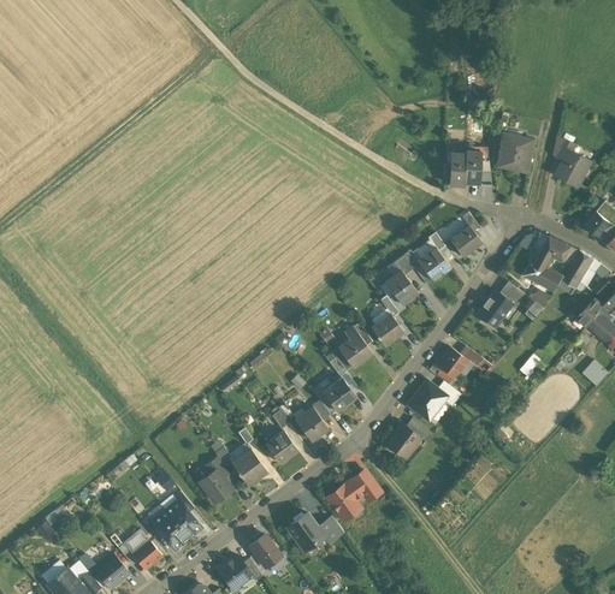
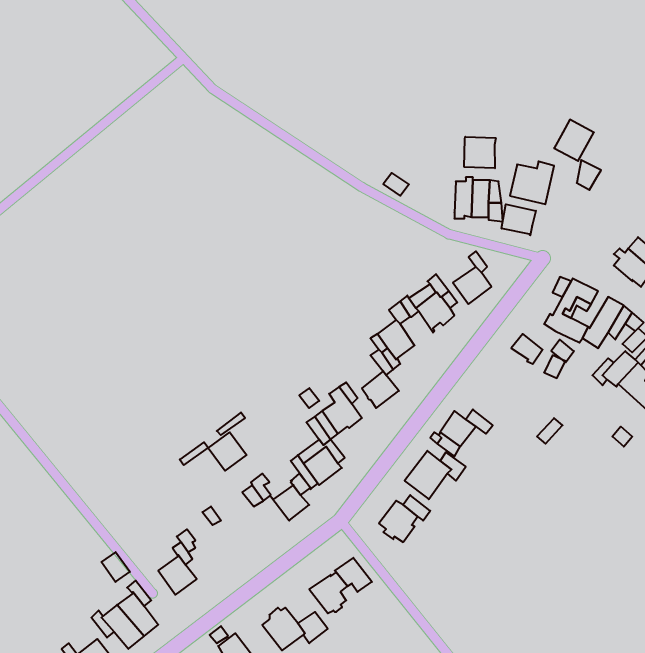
building: none -> [464,137,496,168]
building: [556,150,590,185] -> [554,120,594,161]
building: none -> [502,204,536,235]
building: [477,292,511,327] -> none
building: [264,430,296,463] -> [208,432,247,471]
building: [231,451,266,486] -> none

